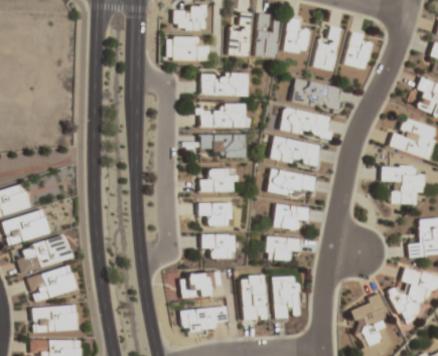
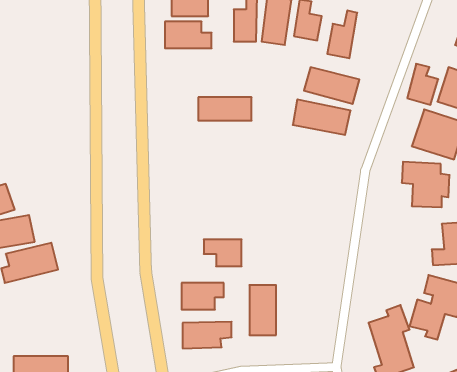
building: [343,31,372,68] -> [407,64,438,105]
building: [199,72,247,95] -> none
building: [199,134,245,157] -> none
building: [272,137,321,165] -> none
building: [199,168,236,191] -> none
building: [267,168,315,196] -> none
building: [198,202,231,225] -> none
building: [274,203,309,229] -> none
building: [267,236,300,260] -> none
building: [27,265,75,300] -> none
building: [274,276,299,317] -> none
building: [31,306,75,331] -> none

